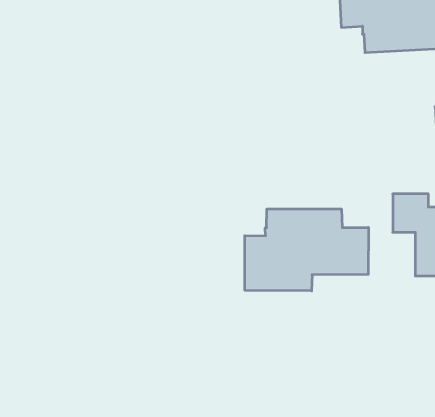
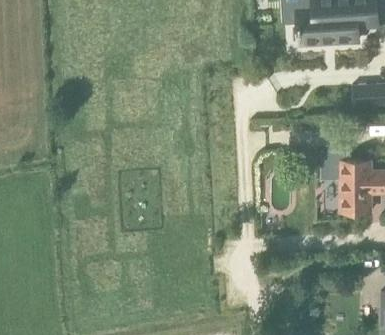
building: [245,209,368,291] -> none

